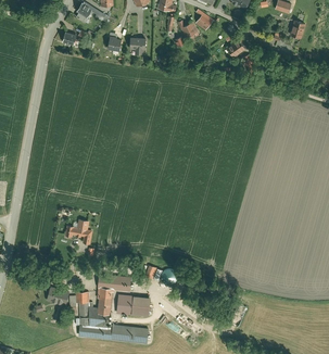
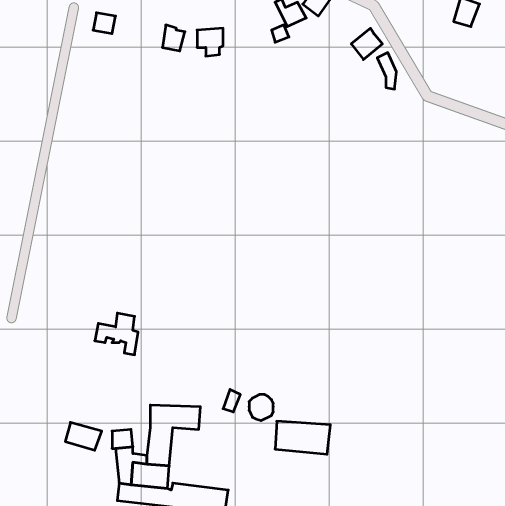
building: [116,296,151,317] -> [275,421,330,454]

